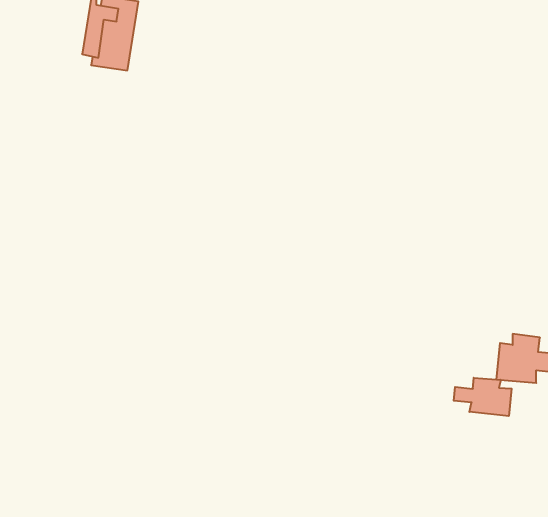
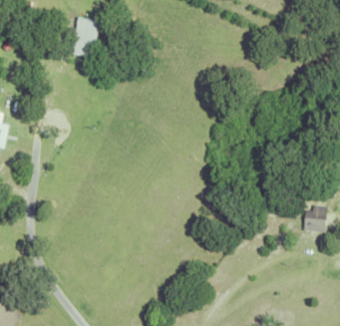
building: [454,378,512,416] -> none

